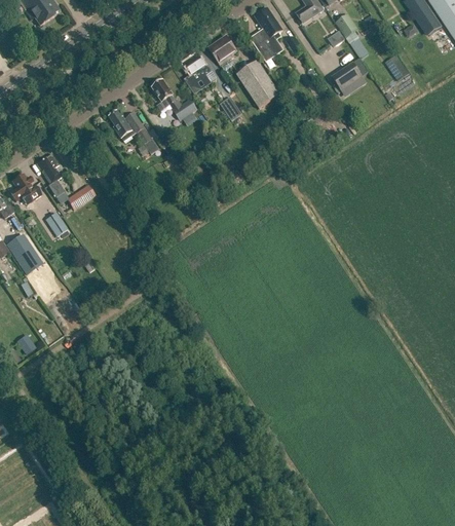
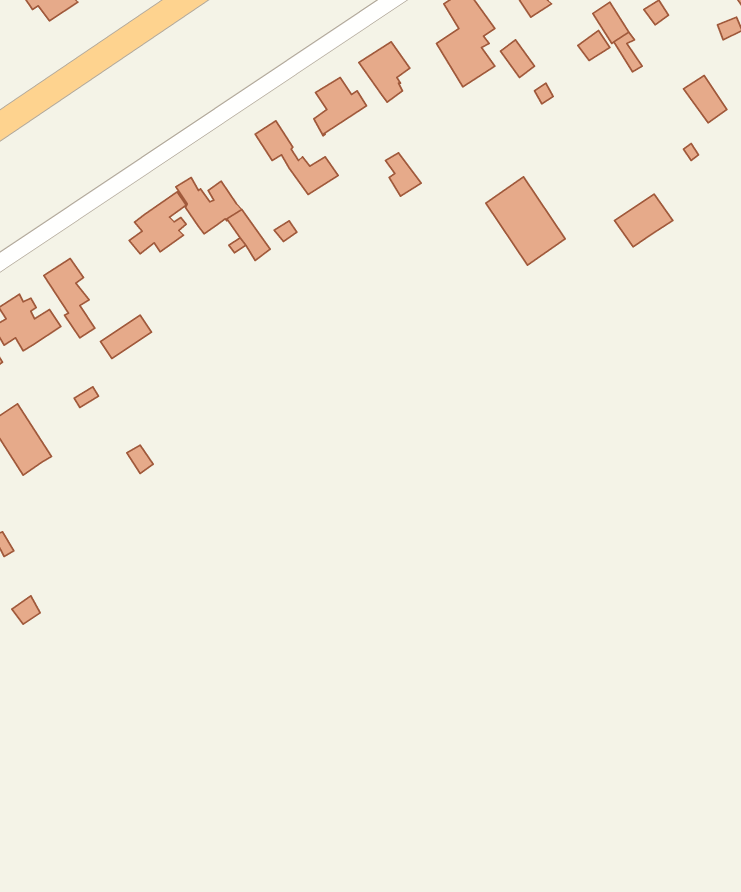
building: [236,60,279,108] -> [486,177,565,265]
building: [332,61,364,89] -> [614,194,673,247]
building: none -> [129,192,186,254]

